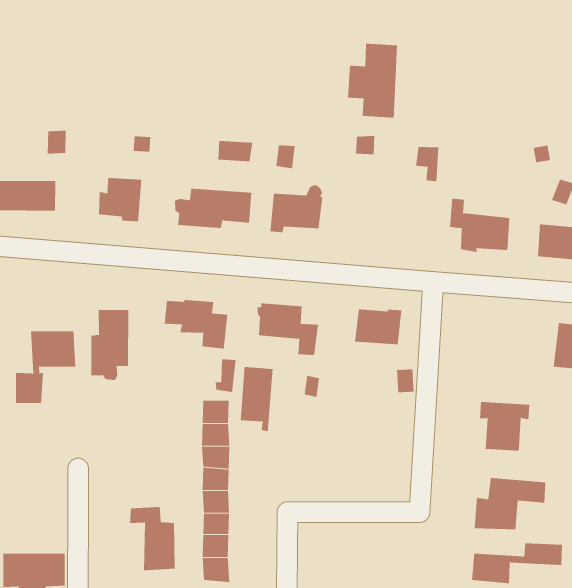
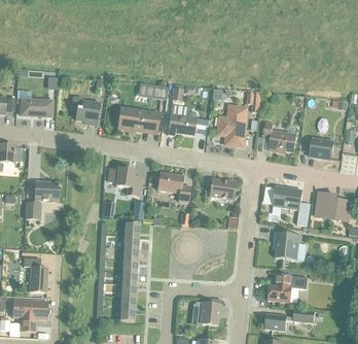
building: [347,43,398,118] -> [218,105,247,146]
building: [91,309,129,381] -> none
building: none -> [273,185,310,226]
building: [240,366,273,432] -> none
building: [129,506,176,571] -> [23,257,47,291]
building: none -> [200,298,221,324]

